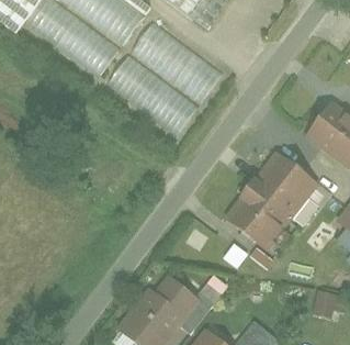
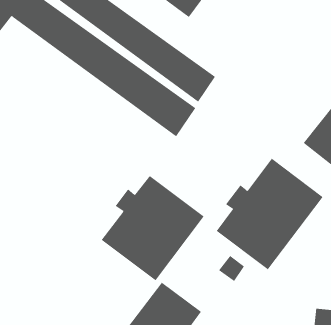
building: none -> [101,175,204,281]

